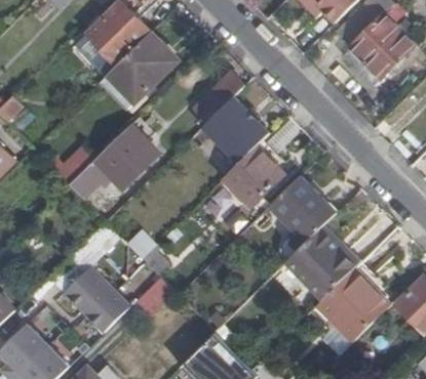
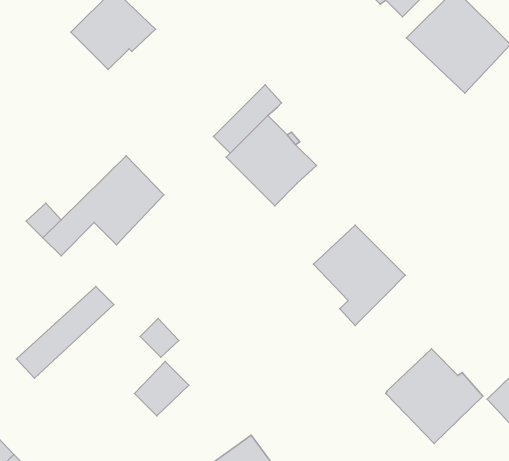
building: [108,33,178,102] -> none
building: [223,146,283,207] -> none
building: [286,228,358,299] -> none
building: [63,267,128,333] -> none

